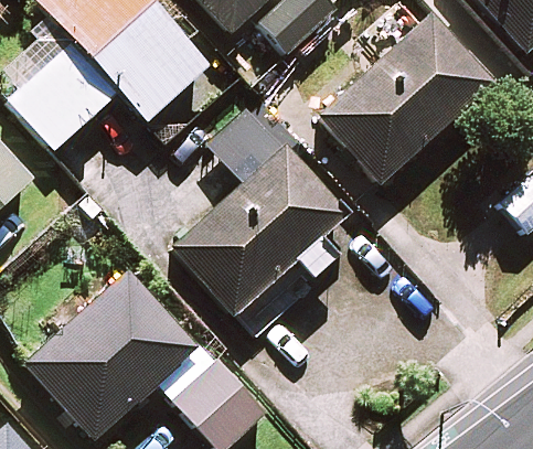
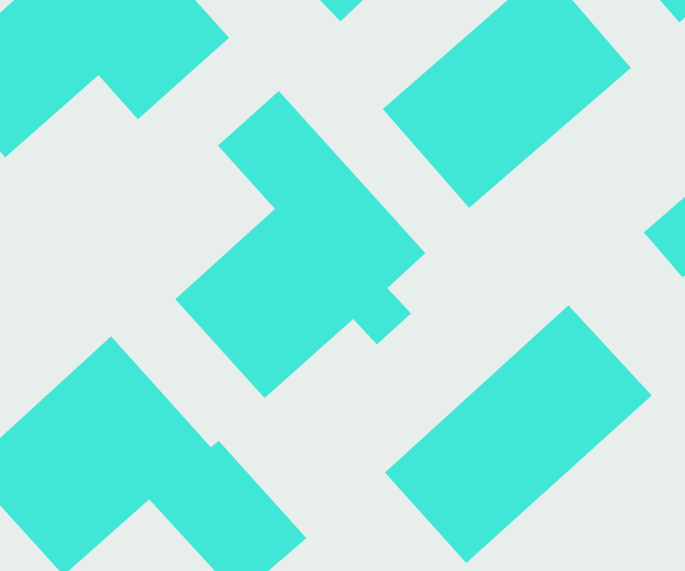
building: none -> [384,304,653,564]

